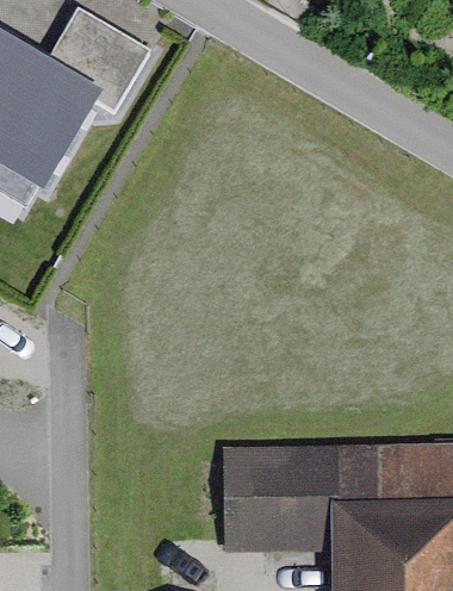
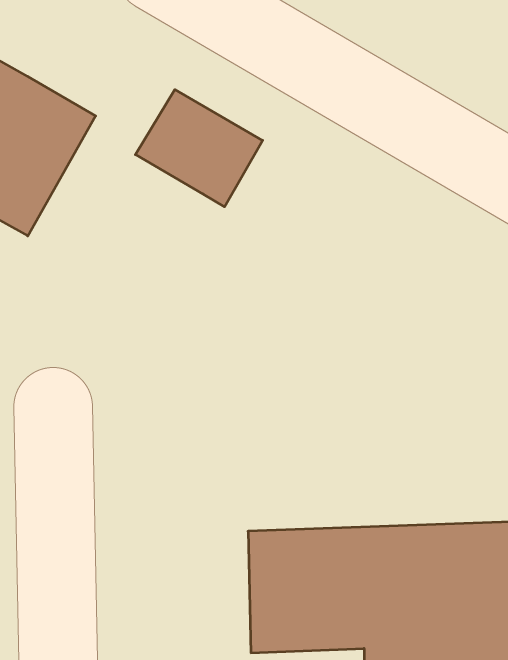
building: [39,12,147,111] -> [135,90,263,207]

